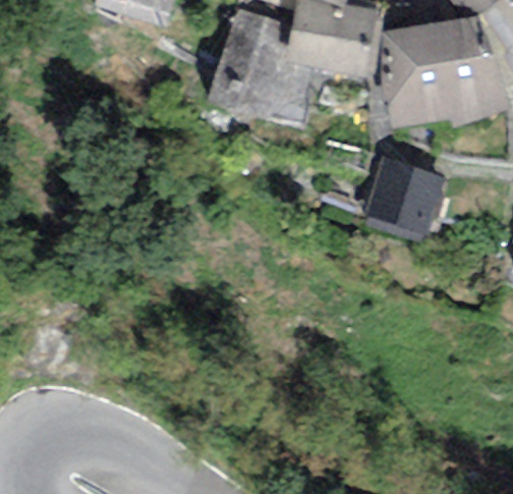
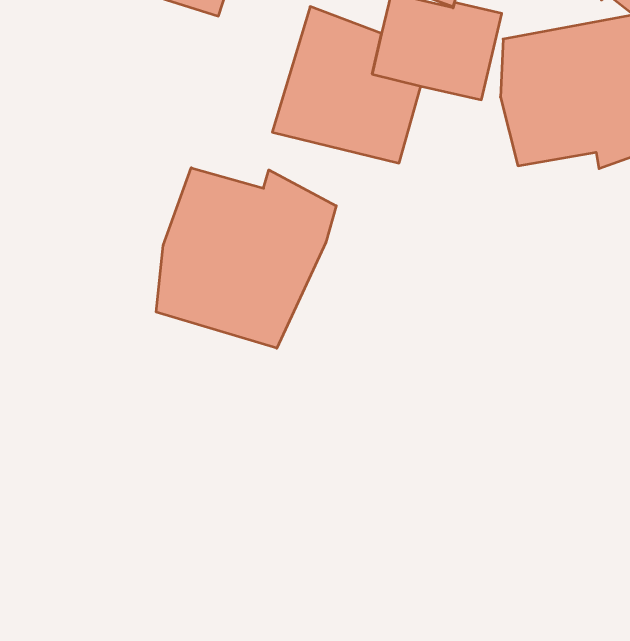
building: none -> [156,168,336,348]
building: [362,157,445,235] -> none

